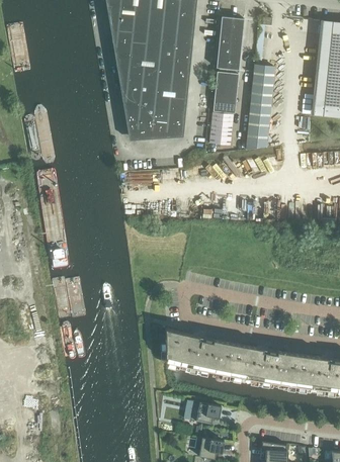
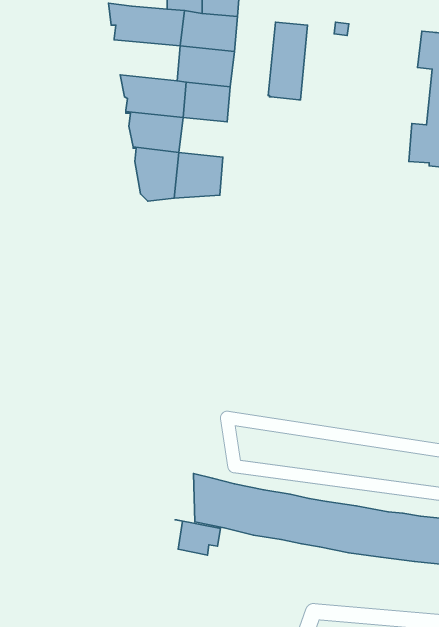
building: [110,28,156,57] -> none
building: [246,65,274,149] -> none
building: [209,68,239,145] -> none
building: [155,82,188,109] -> none
building: [189,399,221,424] -> [175,520,221,555]

